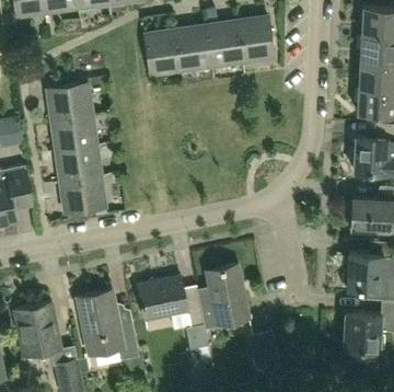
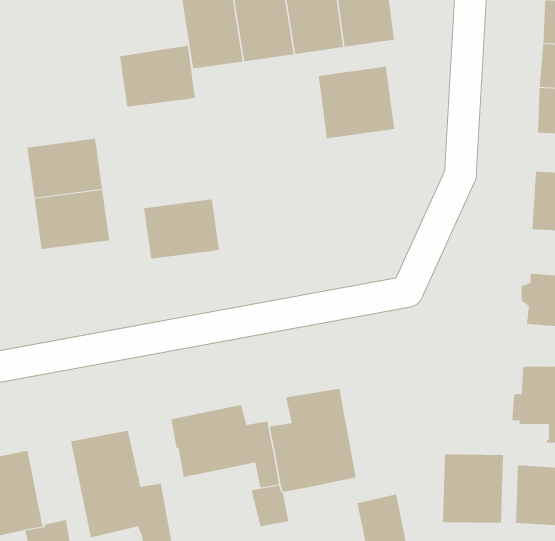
building: none -> [318,66,395,139]
building: [46,84,92,122] -> [119,45,196,107]
building: [59,177,105,214] -> [143,199,220,259]
building: none -> [442,453,504,524]

